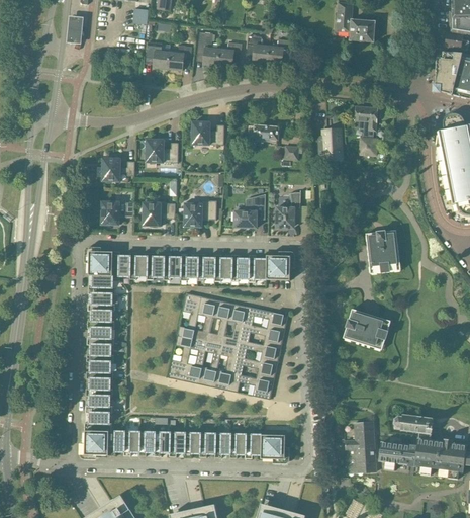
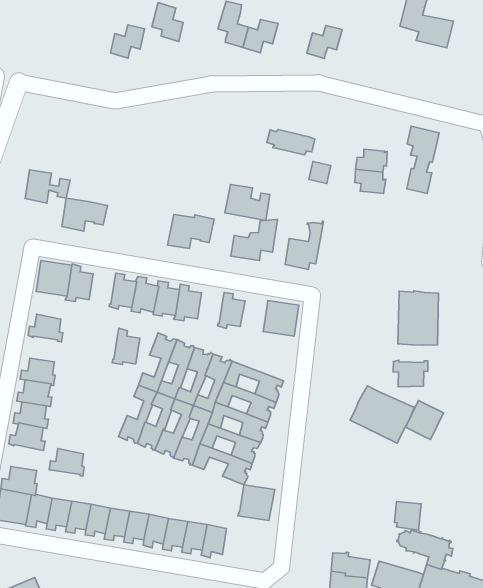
building: [248,35,270,62] -> none
building: [169,45,192,70] -> [110,25,145,58]
building: [191,120,223,144] -> [225,185,270,220]
building: [144,138,178,161] -> none
building: [102,157,134,180] -> [25,170,70,203]
building: [143,201,175,224] -> none
building: [129,251,148,278] -> [112,328,140,365]
building: [214,253,232,280] -> none
building: [249,254,267,281] -> none
building: [88,275,115,293] -> none
building: none -> [393,360,428,387]
building: [88,310,113,328] -> none
building: none -> [406,401,444,439]
building: [86,395,112,413] -> [49,449,84,476]
building: [355,421,375,441] -> [395,502,421,530]
building: [261,434,286,458] -> [238,485,275,520]

